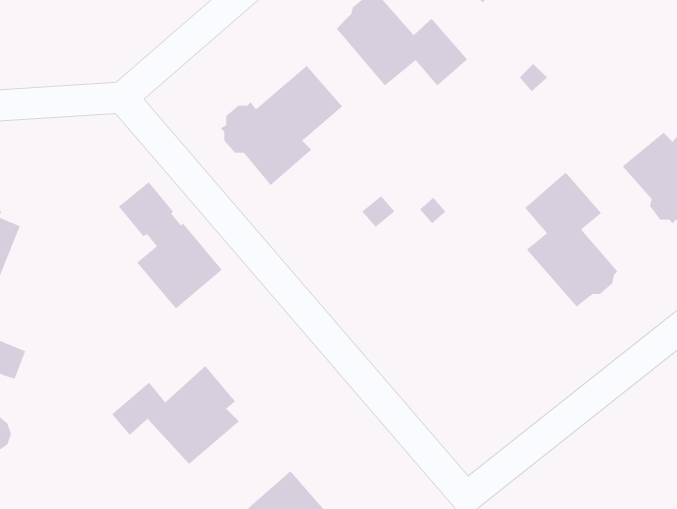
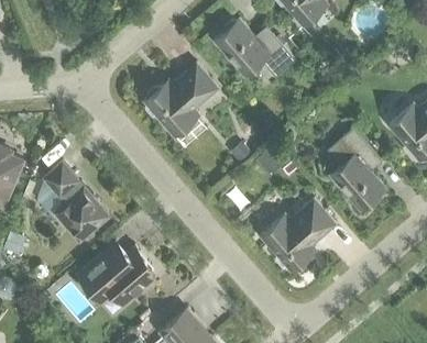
building: [118,181,223,310] -> [44,162,108,240]
building: none -> [260,199,336,270]

